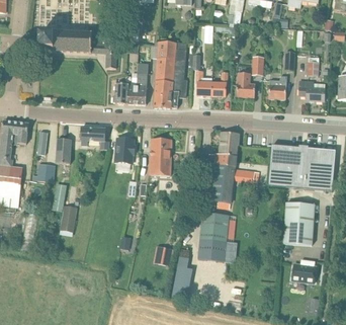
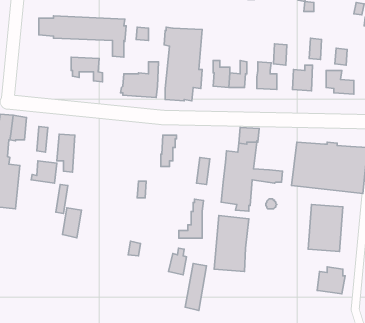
building: [80,127,108,149] -> [71,57,103,82]
building: [114,138,134,163] -> none
building: [149,139,171,174] -> [179,199,203,238]

